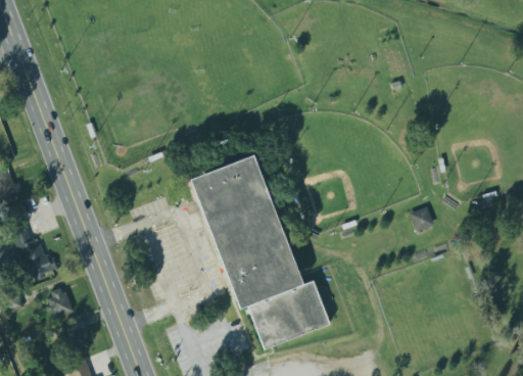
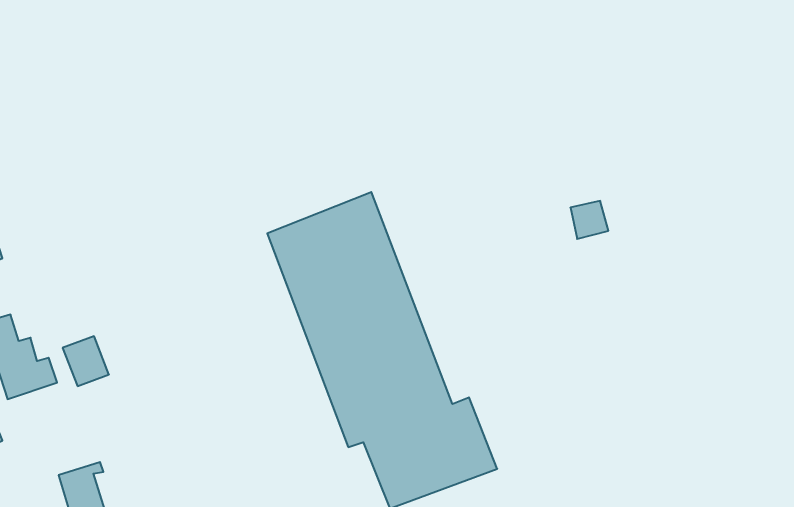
building: [411,206,434,230] -> [570,201,608,239]
building: [46,287,75,318] -> [63,336,109,386]

